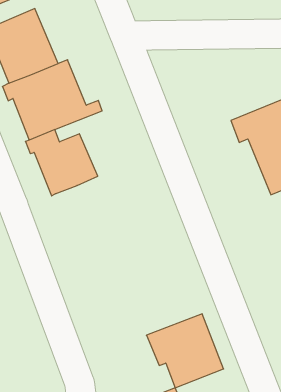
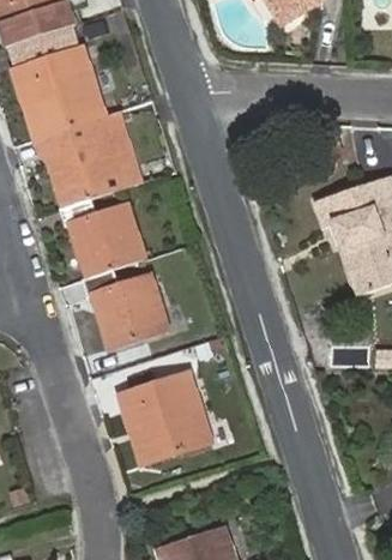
building: none -> [82,269,168,349]
building: [146,314,224,388] -> [117,373,210,462]

